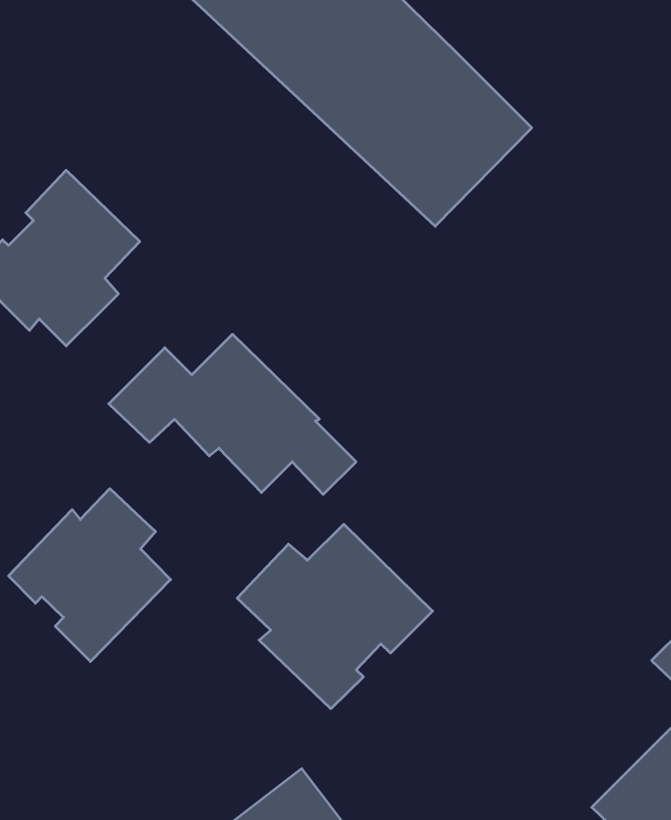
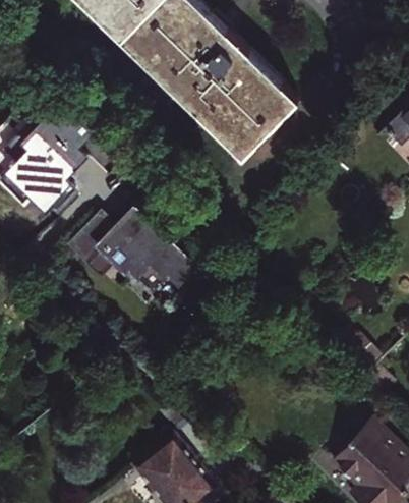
building: [9,489,171,662] -> none
building: [237,524,433,709] -> none

